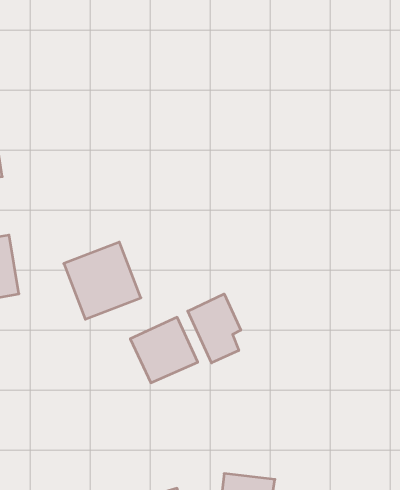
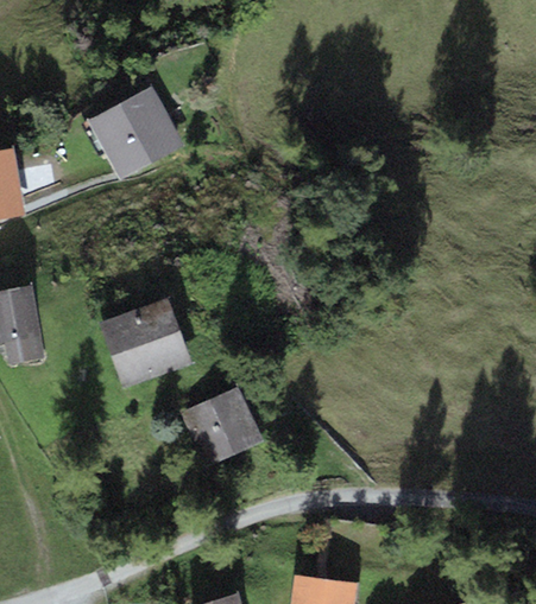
building: none -> [87,87,184,180]
building: [188,294,241,363] -> none

